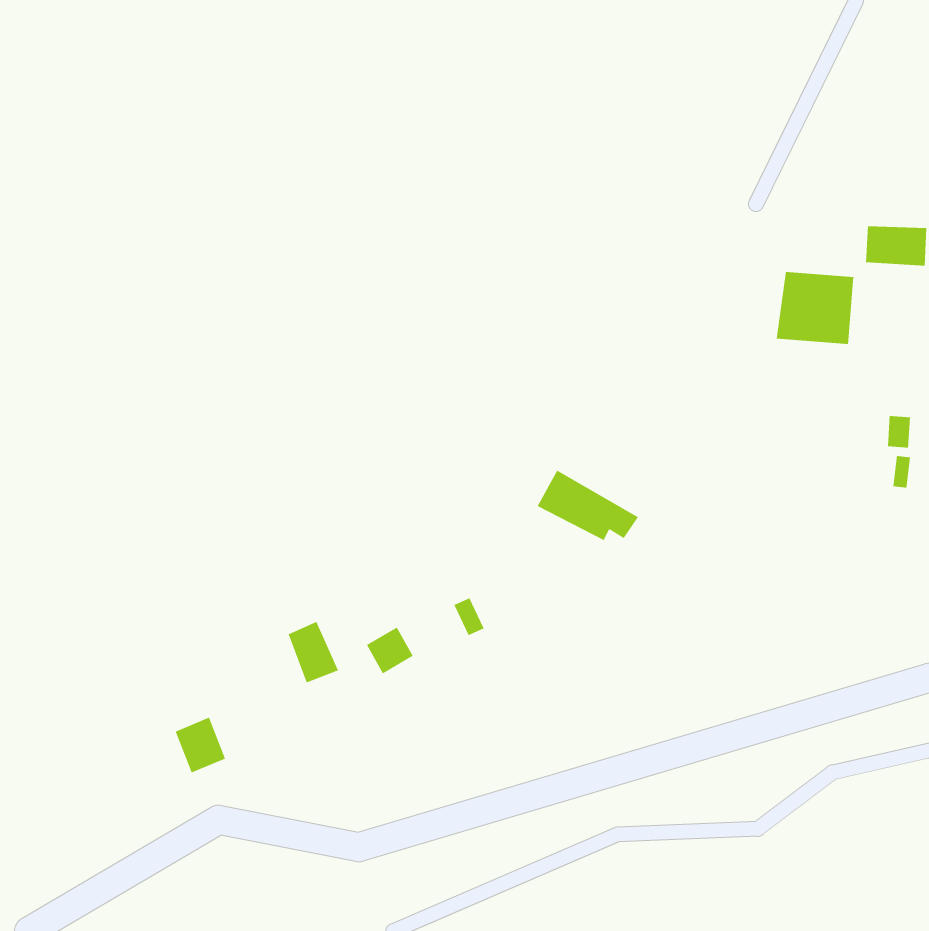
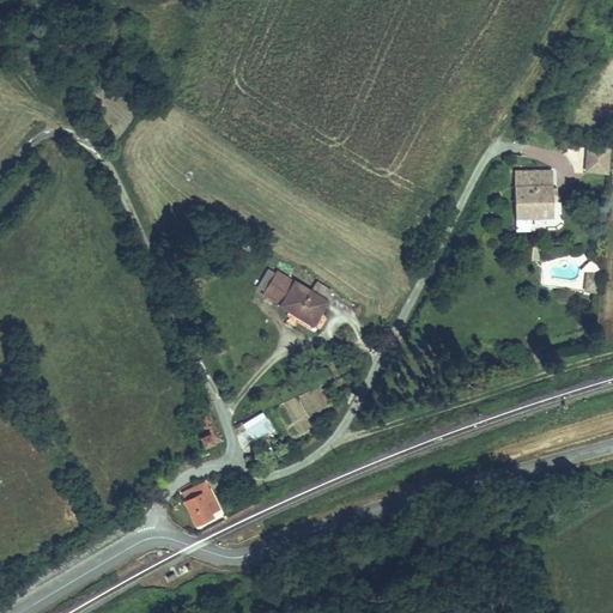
building: [537,470,639,541] -> [269,273,336,320]
building: [175,717,226,773] -> [180,482,213,520]

